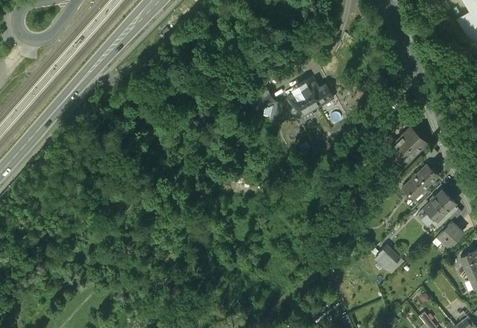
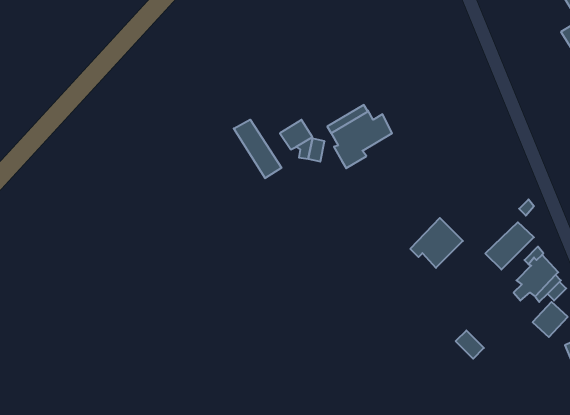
building: none -> [234,120,281,178]
building: [389,126,428,163] -> [410,218,463,268]

